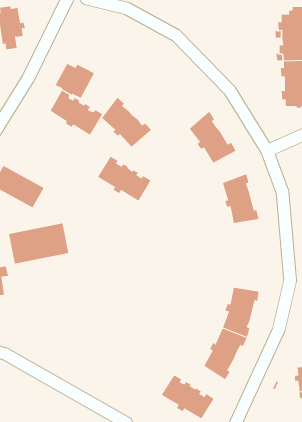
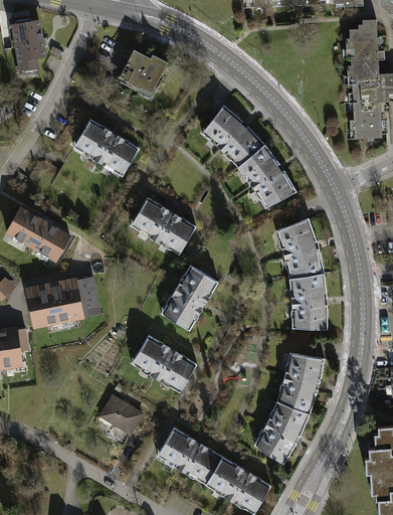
building: [55,63,95,99] -> [120,50,167,93]
building: [101,97,152,148] -> [204,105,264,165]
building: none -> [164,267,218,330]
building: none -> [291,273,327,329]
building: none -> [133,335,196,388]
building: none -> [101,395,142,434]
building: none -> [159,427,222,481]

